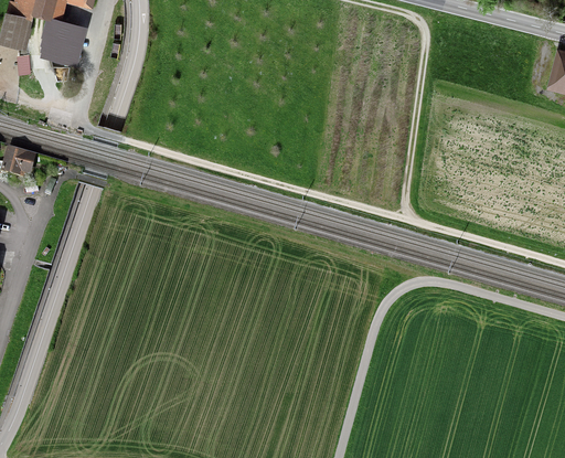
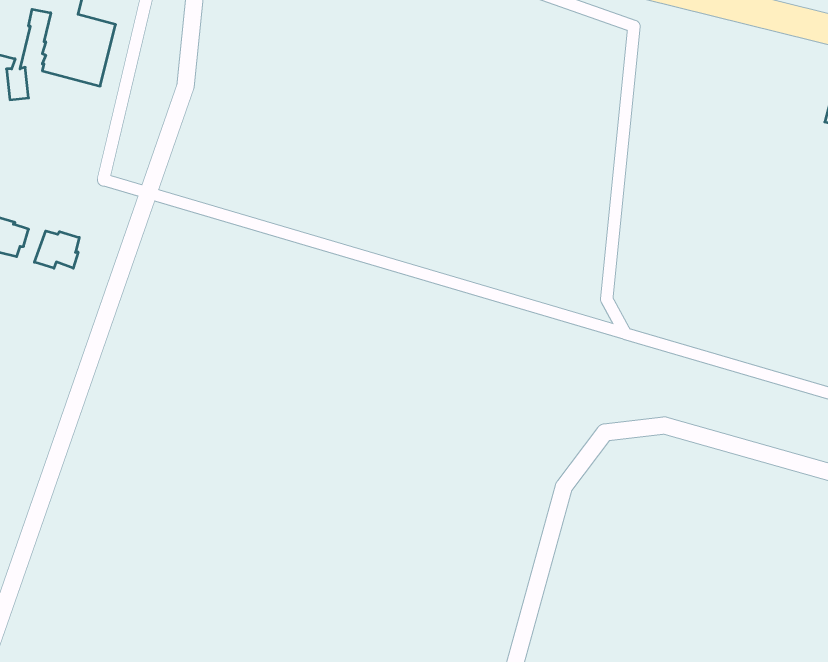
building: none -> [34,231,79,268]

